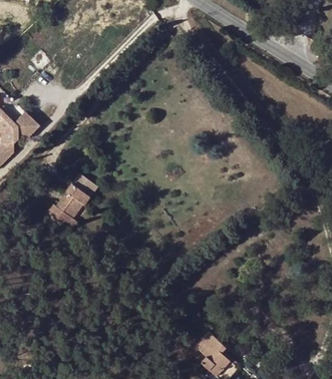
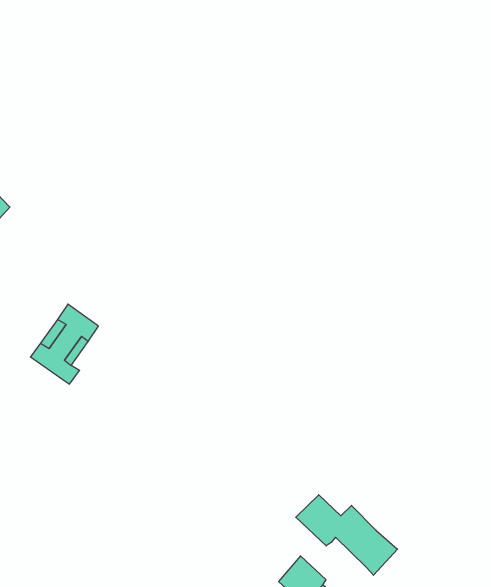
building: none -> [296,495,398,575]

